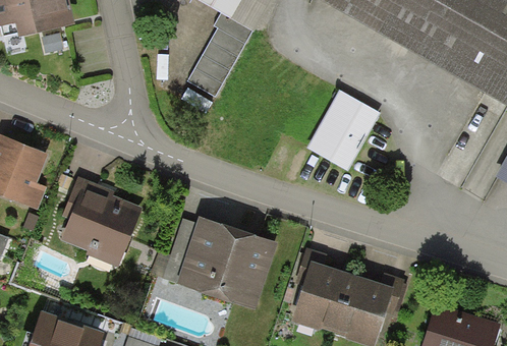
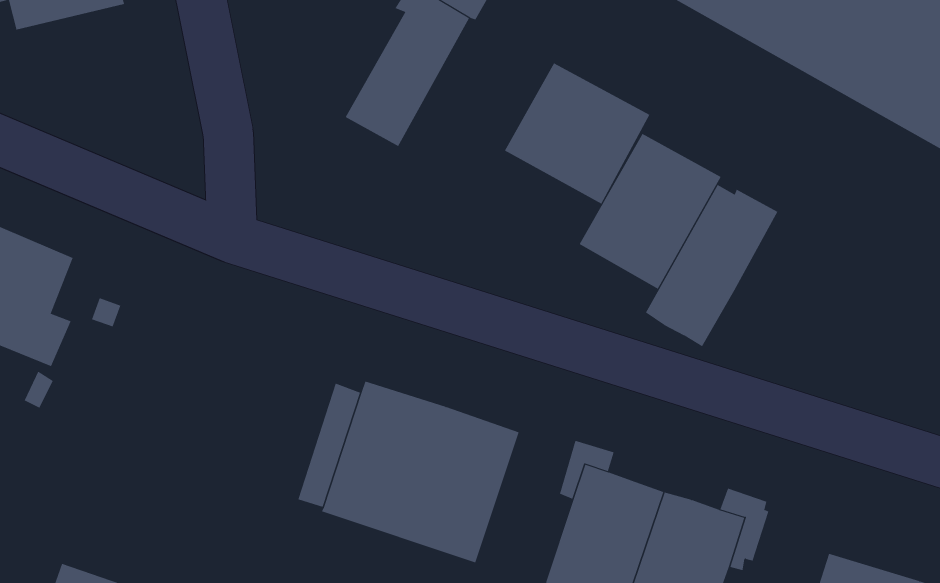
building: none -> [504,62,650,205]
building: none -> [645,184,778,347]
building: [60,176,142,267] -> none

